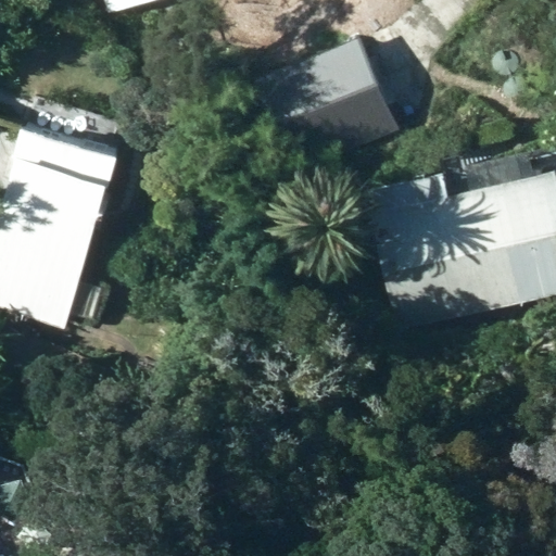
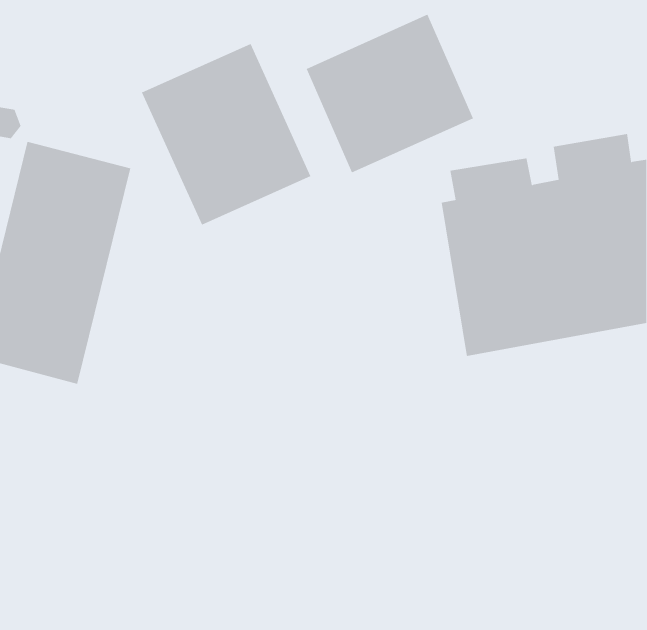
building: none -> [141,43,311,226]

